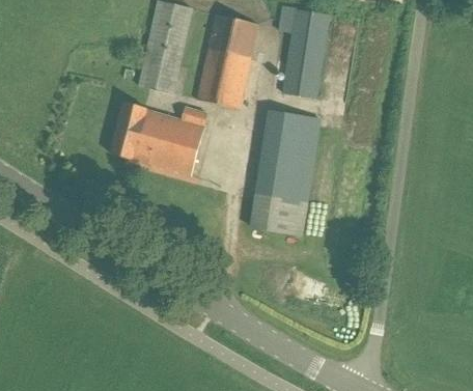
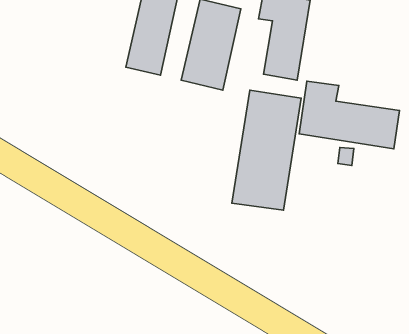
building: none -> [299,81,399,149]
building: [111,104,208,176] -> none

